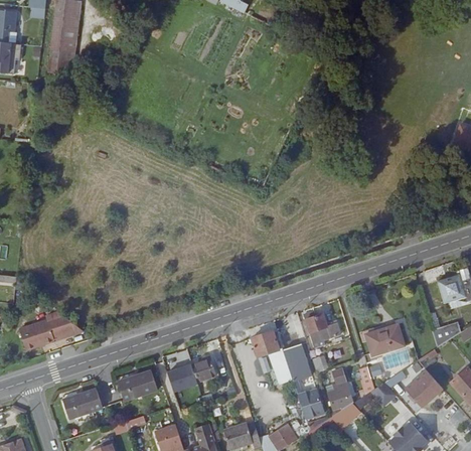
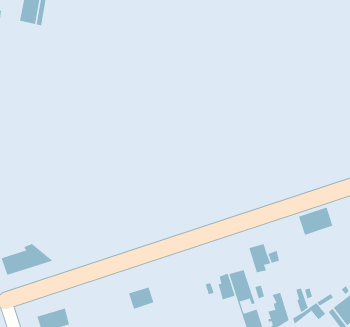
building: [366,323,407,356] -> [298,207,333,236]
building: [251,328,283,355] -> none
building: [191,353,215,378] -> none
building: [117,369,156,399] -> none

